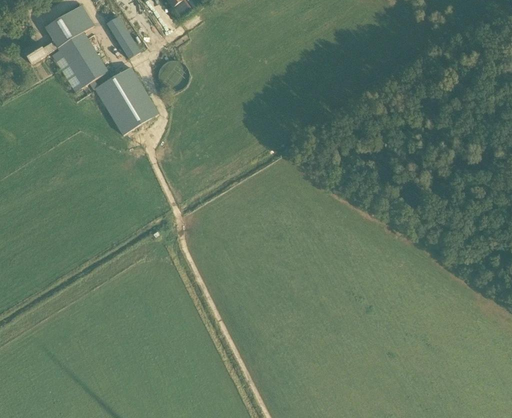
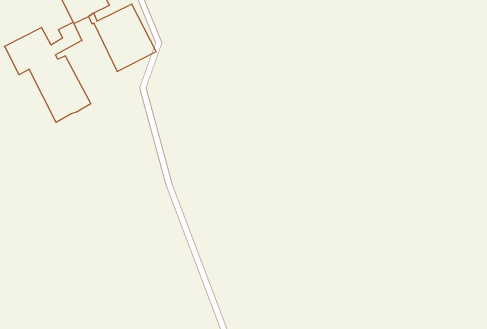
building: none -> [4,22,91,122]

